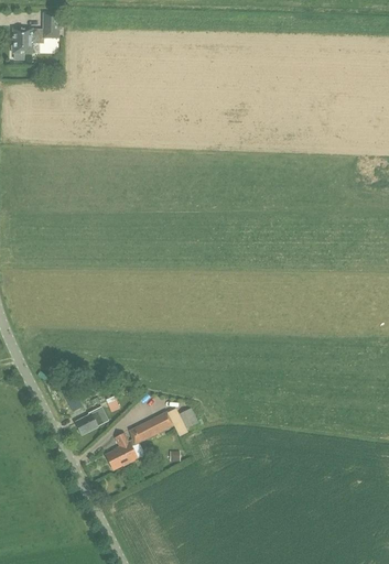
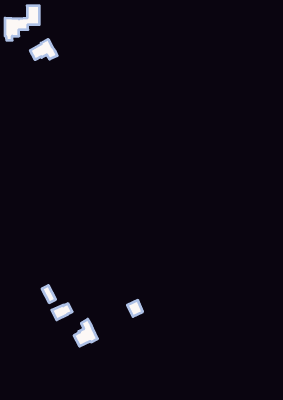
building: none -> [30,39,57,60]
building: [128,411,173,445] -> none

